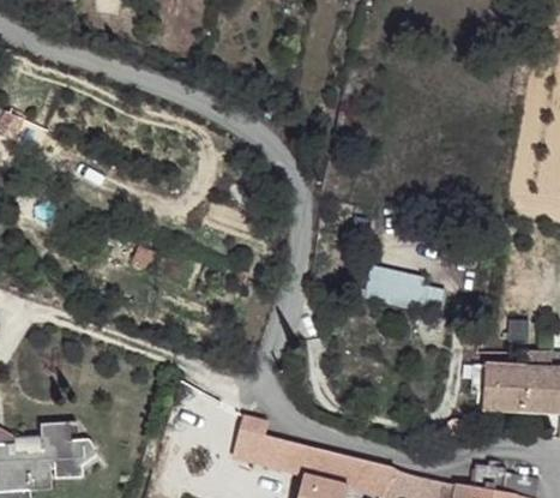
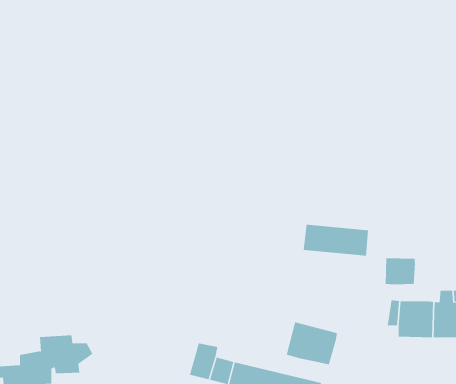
building: none -> [385,257,415,285]
building: none -> [286,322,337,365]

